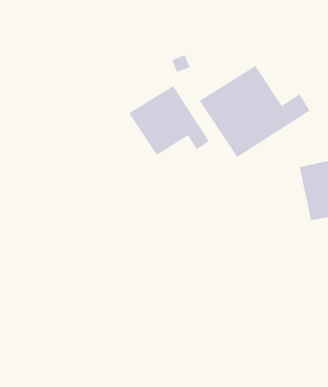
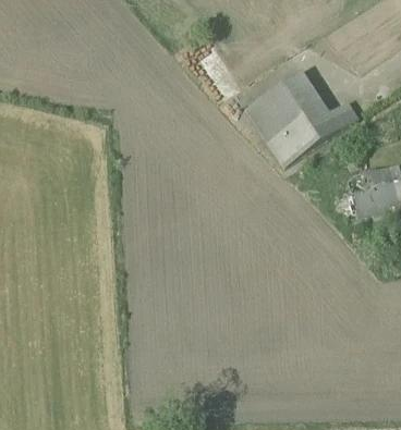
building: [129,85,209,156] -> none

